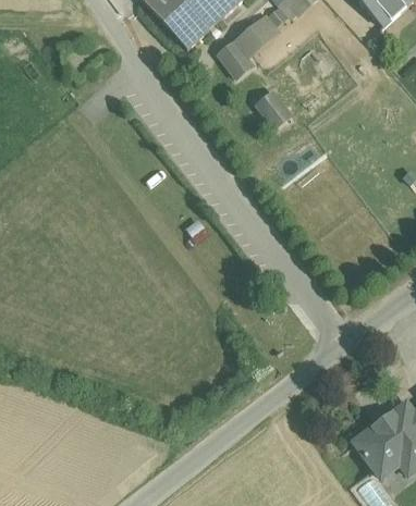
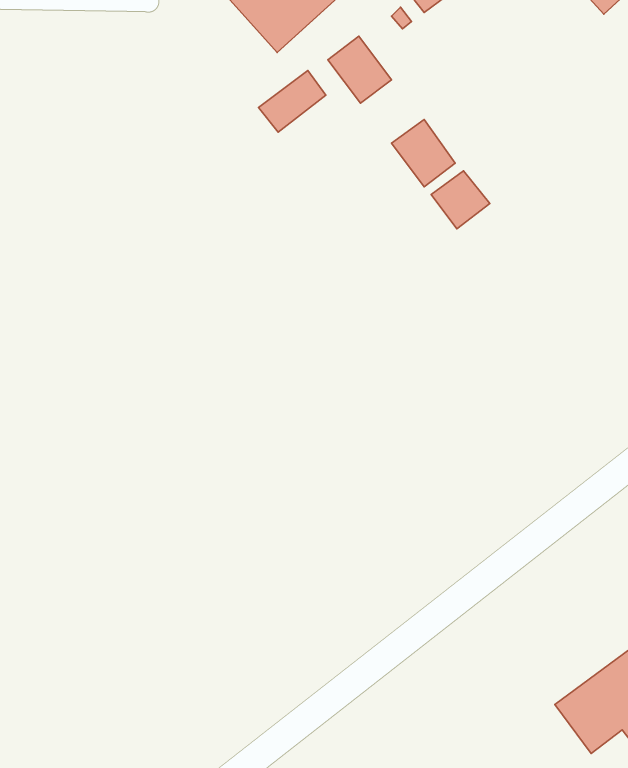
building: none -> [258,70,326,132]
building: none -> [431,171,490,229]

